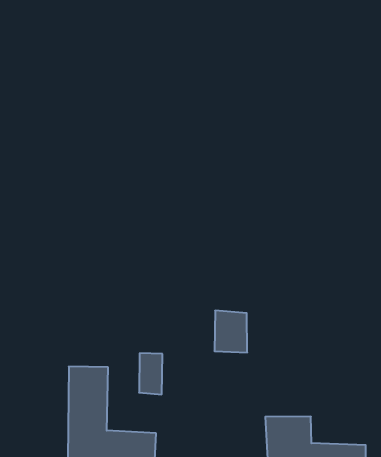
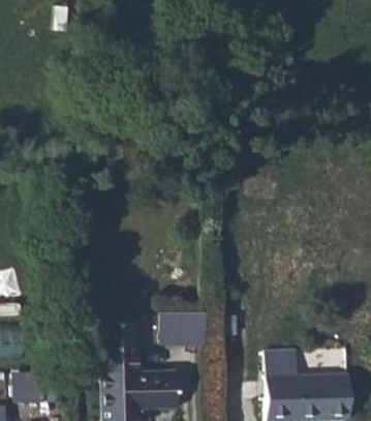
building: [214,311,247,352] -> [178,310,207,343]

